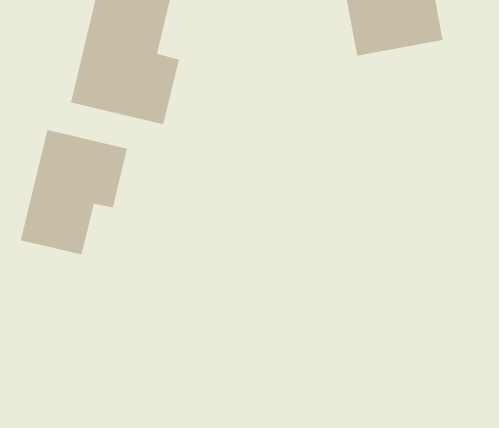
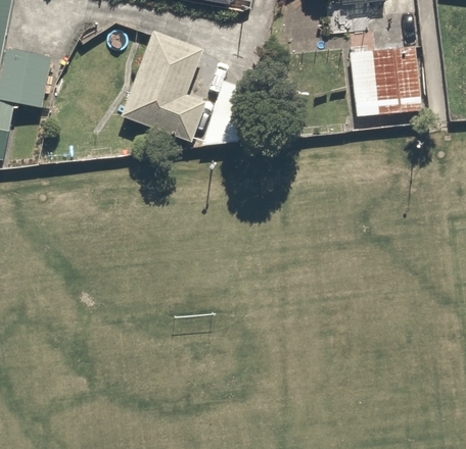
building: [20,129,127,255] -> none

